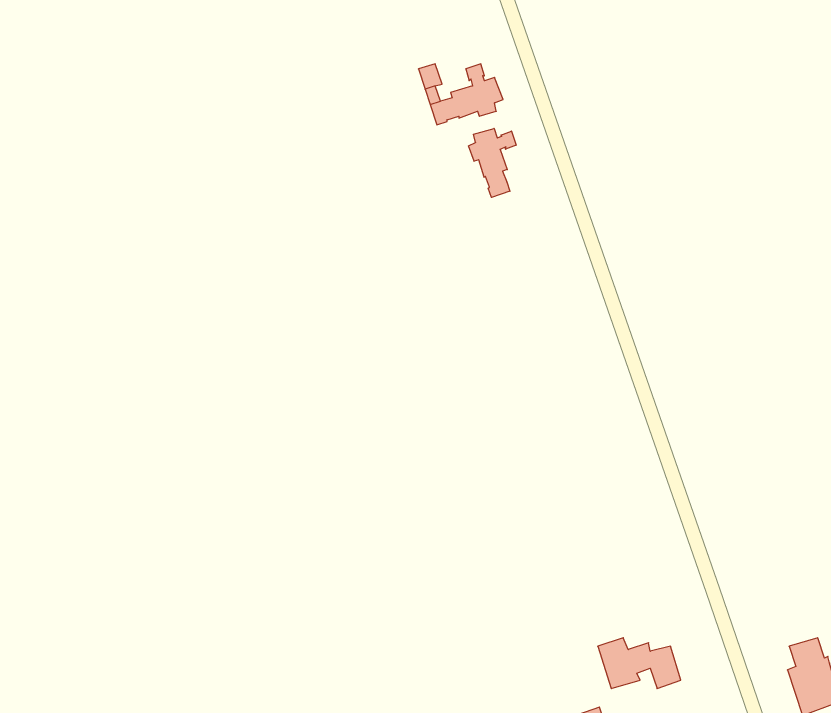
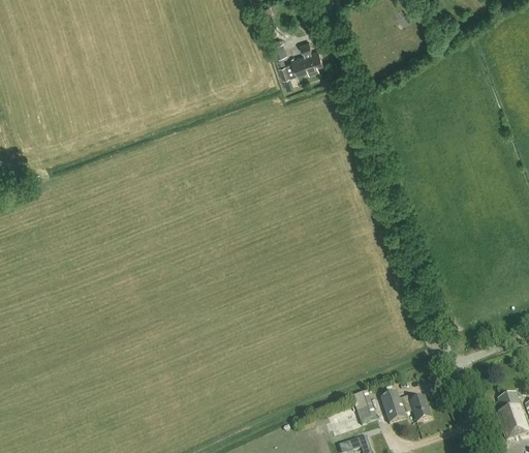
building: [468,128,516,197] -> none
building: none -> [351,391,376,424]

